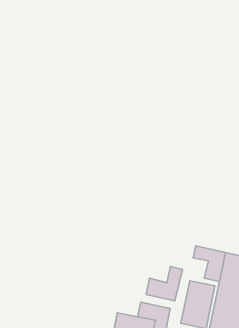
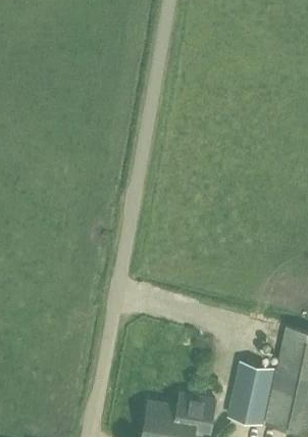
building: [193,246,225,281] -> none
building: [146,267,182,301] -> none

